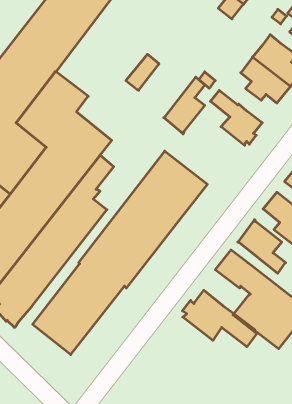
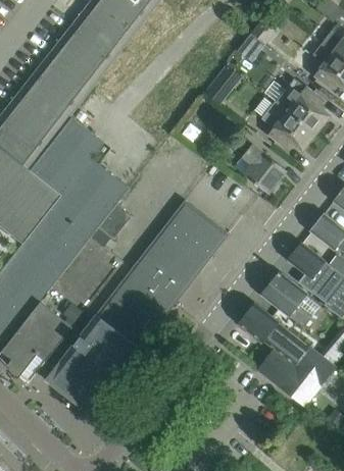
building: [126,54,159,90] -> [205,66,240,104]
building: [164,77,205,134] -> none
building: [182,290,257,347] -> none

